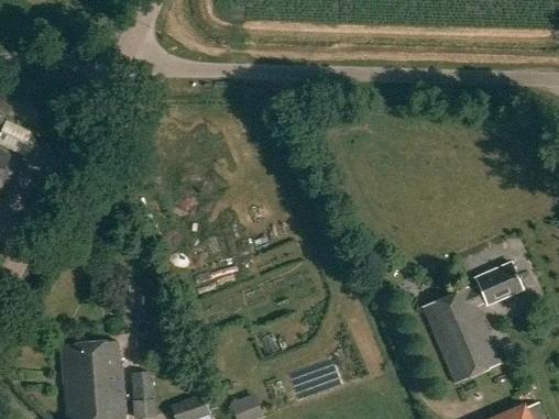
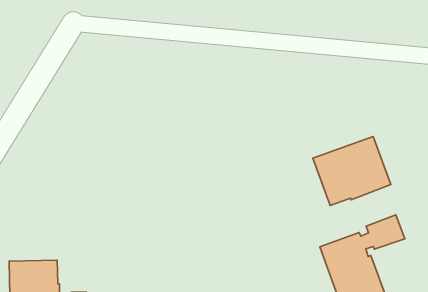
building: none -> [313,136,391,205]

